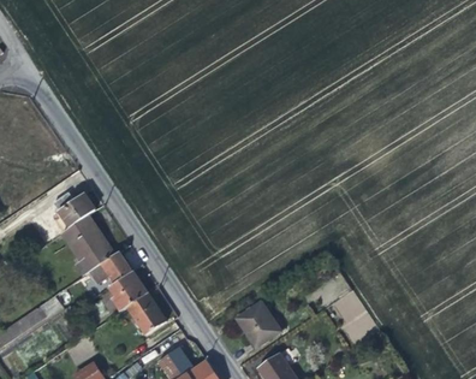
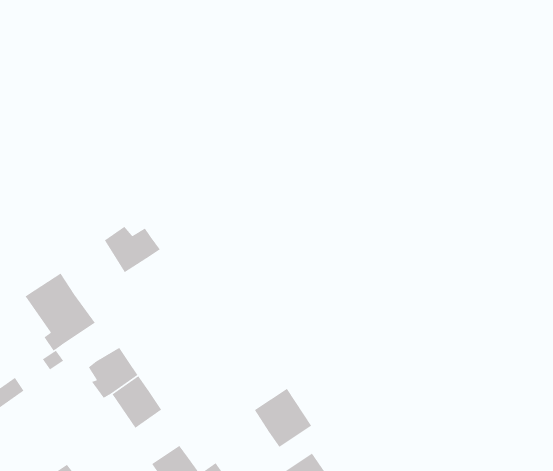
building: [53,194,96,230] -> [104,226,161,273]
building: [90,253,133,284] -> none
building: [333,290,377,342] -> none

